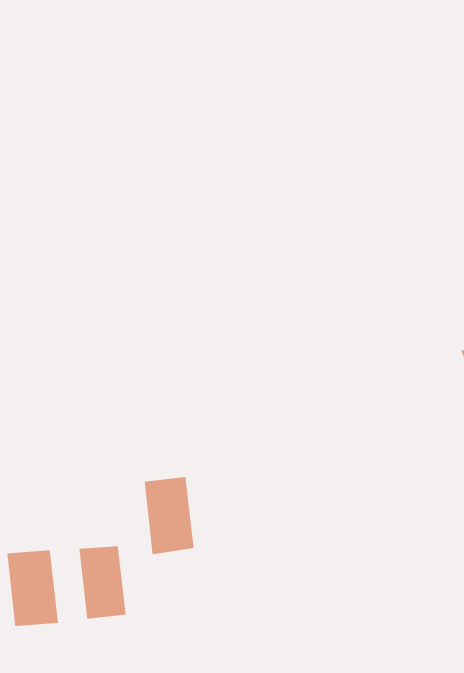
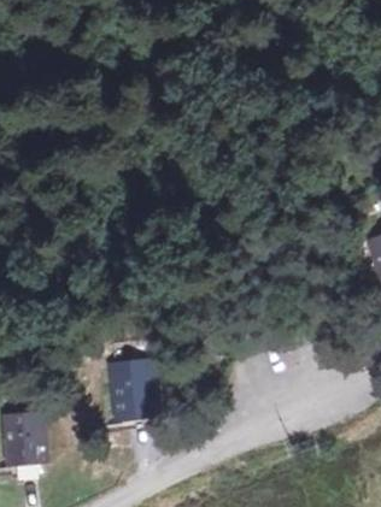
building: [79,546,126,619] -> none

